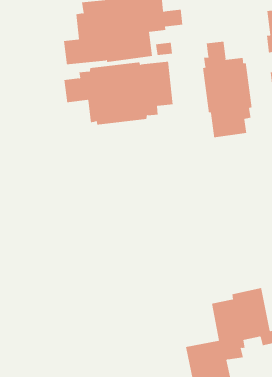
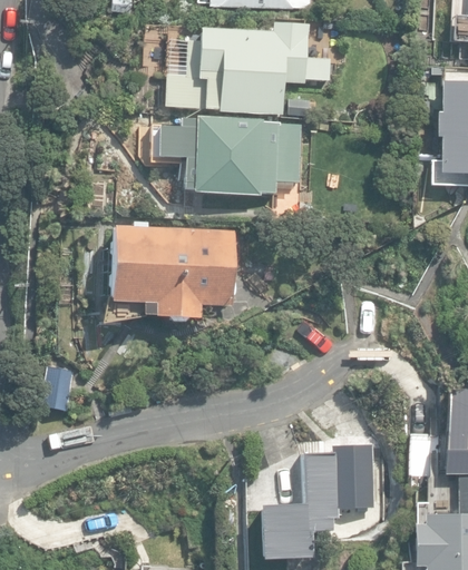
building: [202,41,252,138] -> none
building: none -> [111,220,238,317]

